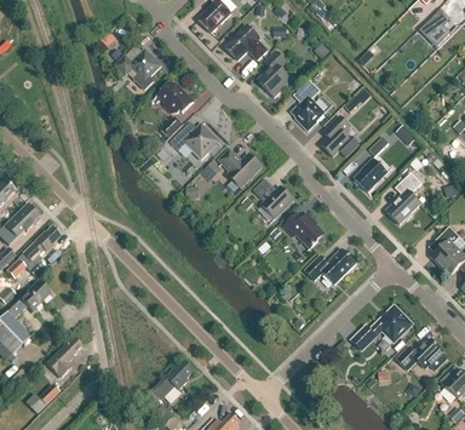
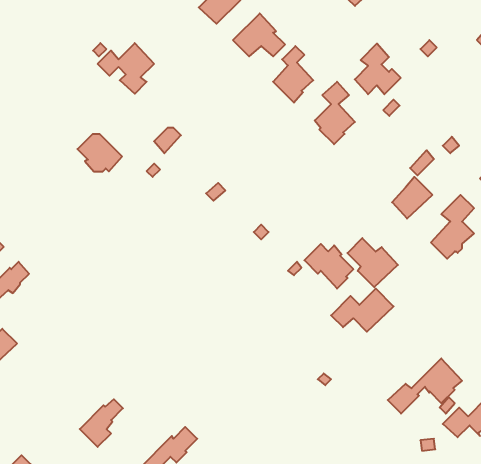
building: [157,82,194,113] -> [77,134,122,171]
building: [322,115,360,156] -> [355,44,401,94]
building: [170,121,218,159] -> none
building: [219,149,262,187] -> none
building: [253,178,294,218] -> [347,238,398,287]
building: [46,338,81,377] -> [80,399,123,447]

